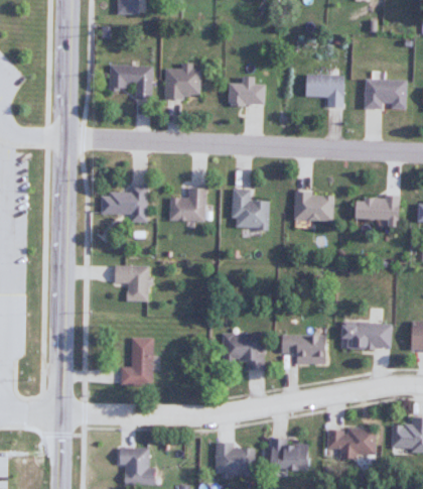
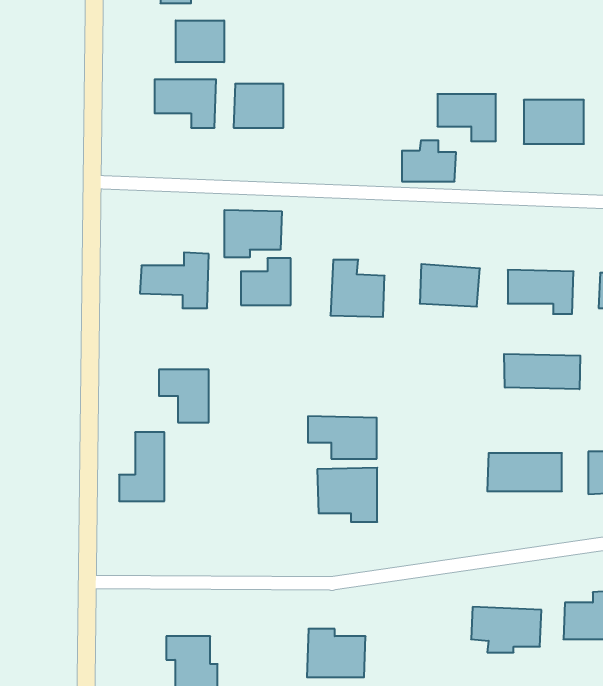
building: none -> [176,20,224,62]
building: [229,77,266,105] -> [402,140,456,181]
building: none -> [225,210,282,257]
building: none -> [504,354,580,389]
building: [279,334,326,363] -> [308,416,377,459]
building: [121,337,152,384] -> [119,432,164,501]
building: [268,439,310,471] -> none

